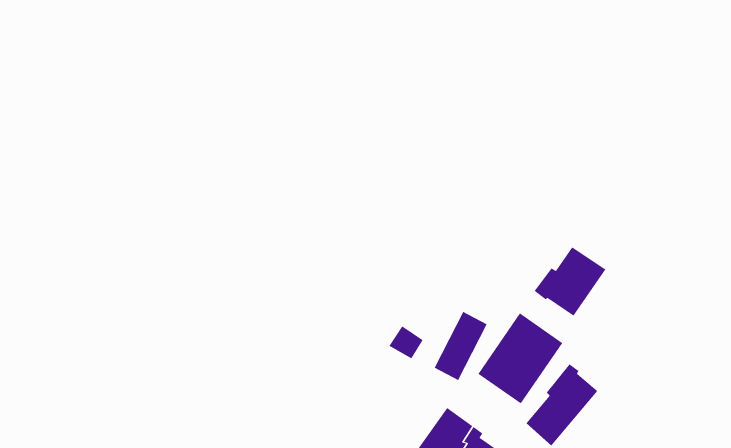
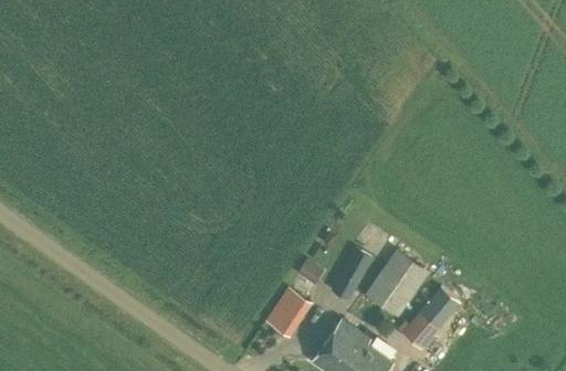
building: [534,246,606,316] -> none
building: none -> [265,288,312,338]

